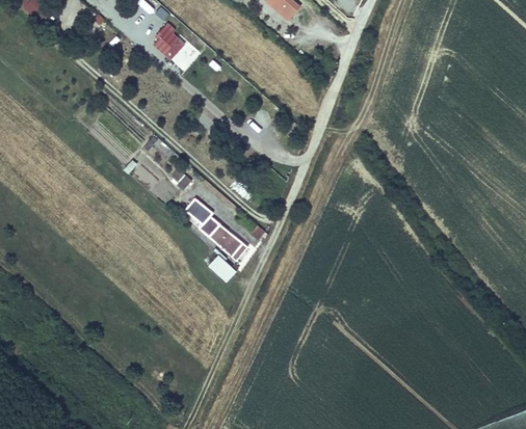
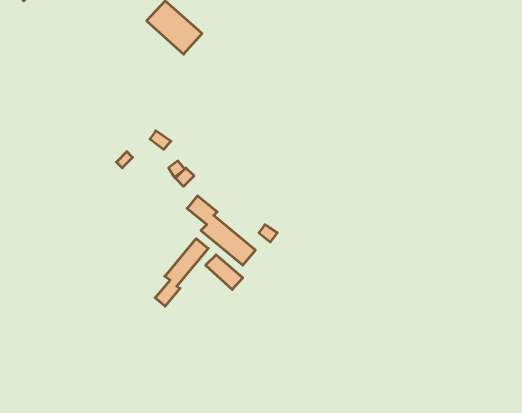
building: none -> [155,239,208,306]

